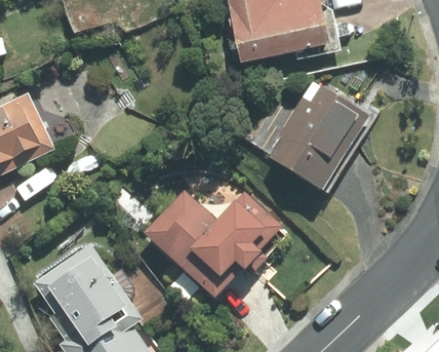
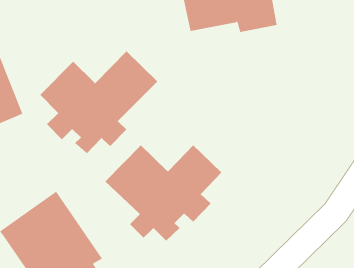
building: [250,78,376,193] -> none
building: none -> [40,51,158,154]

